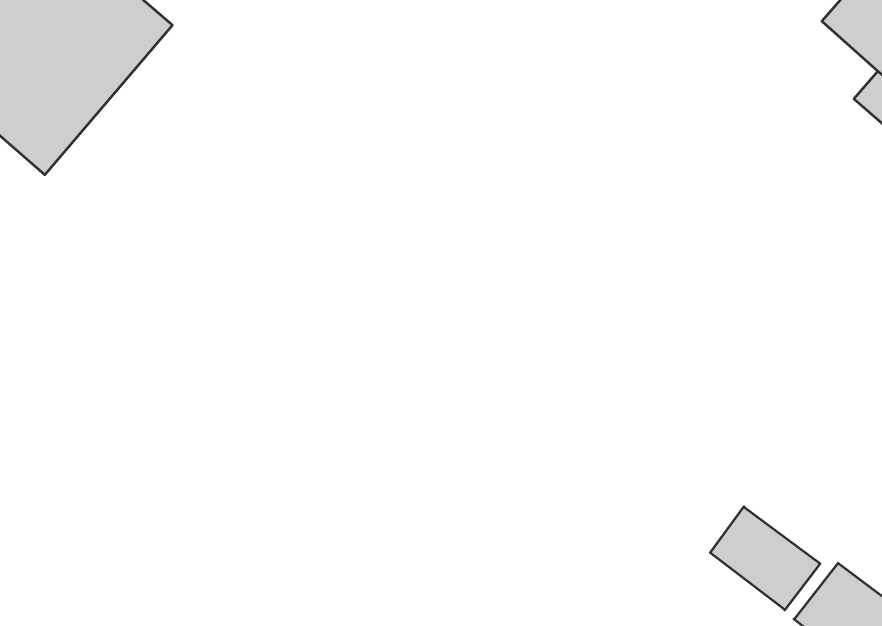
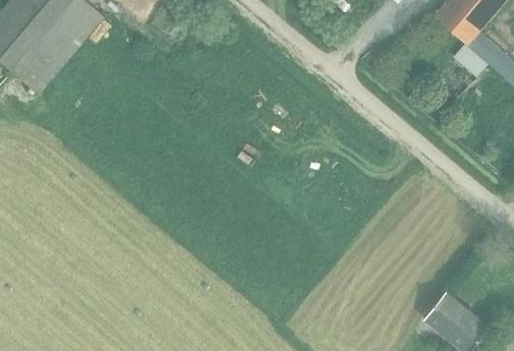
building: [710,507,820,610] -> none

